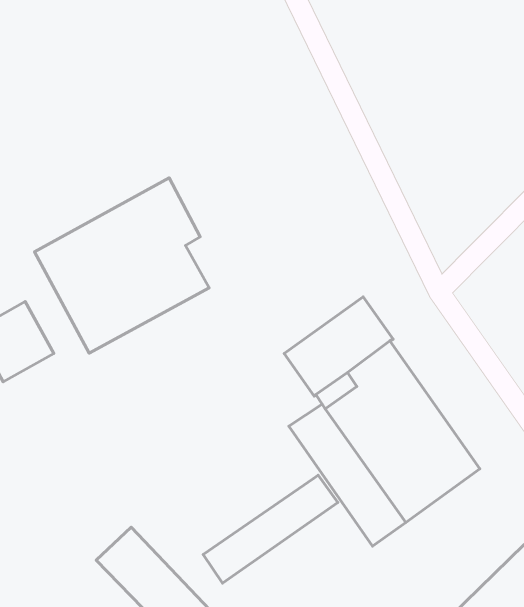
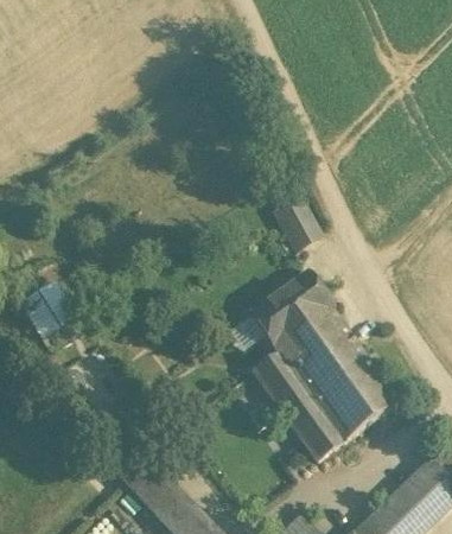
building: [35,178,209,353] -> none
building: none -> [272,204,324,254]
building: [203,475,338,583] -> none

